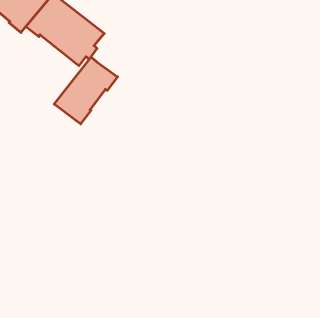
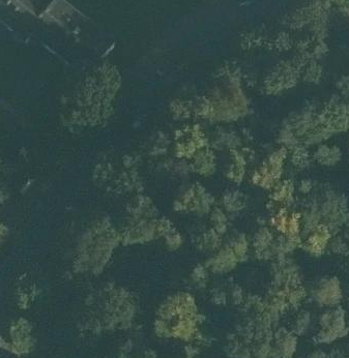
building: [54,57,118,124] -> none

